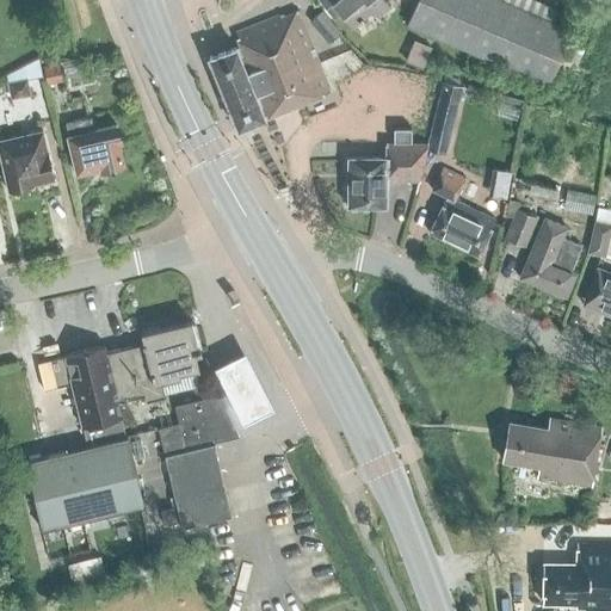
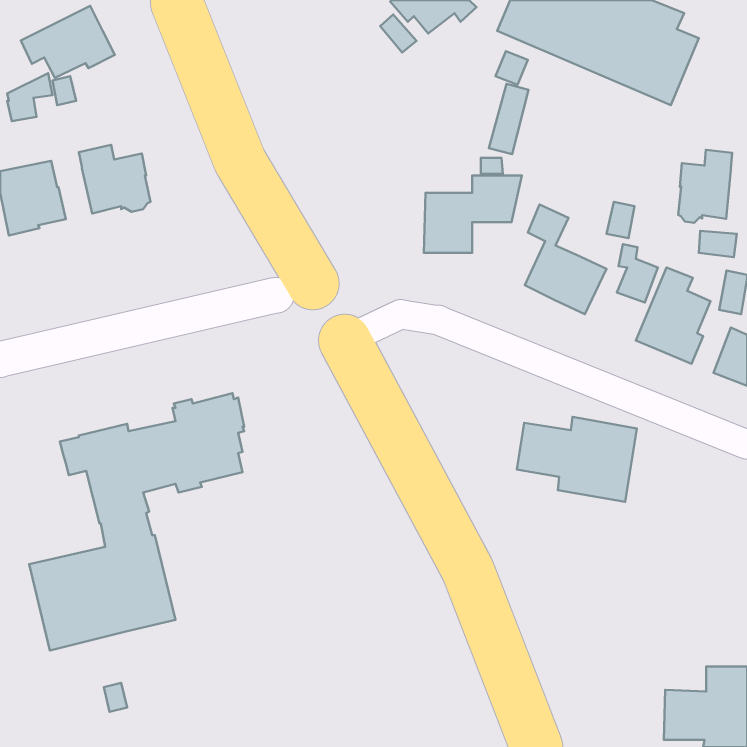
building: none -> [21,6,115,78]
building: [209,12,329,130] -> none
building: [426,97,458,154] -> [489,84,528,154]
building: none -> [678,150,732,223]
building: [212,347,272,420] -> none
building: [158,397,230,527] -> none
building: [502,418,600,487] -> [517,417,637,502]

